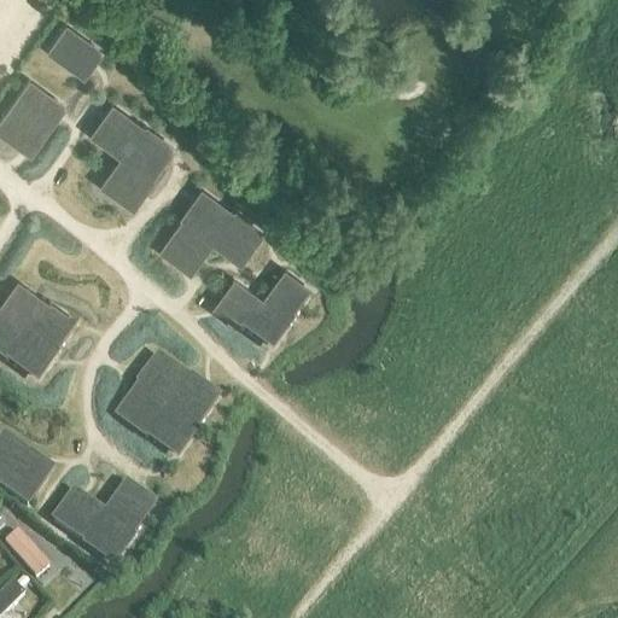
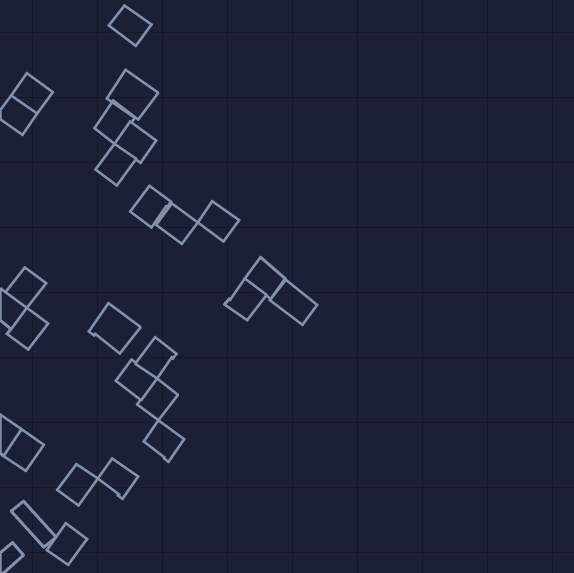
building: [48,24,94,68] -> [109,5,152,46]
building: none -> [107,70,158,119]
building: [190,194,233,239] -> [130,186,171,227]
building: [218,279,263,322] -> none
building: none -> [270,280,317,325]
building: [29,309,72,352] -> none
building: none -> [89,303,140,353]
building: [169,384,212,428] -> [144,420,184,462]
building: [84,514,128,559] -> [47,523,87,565]

